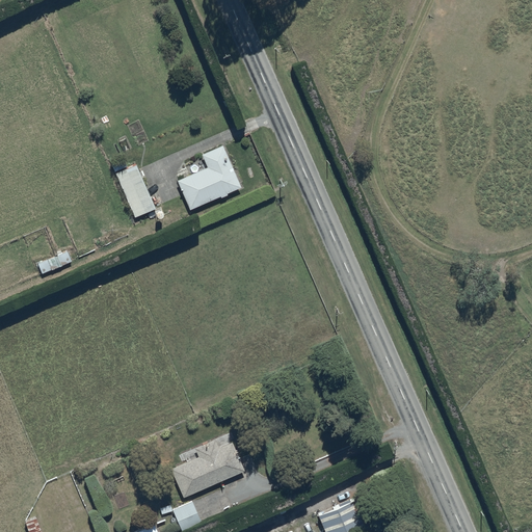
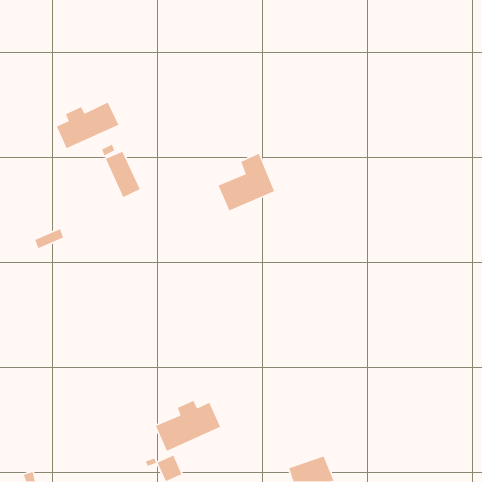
building: none -> [56,102,119,149]
building: [178,145,241,210] -> [217,153,275,211]

